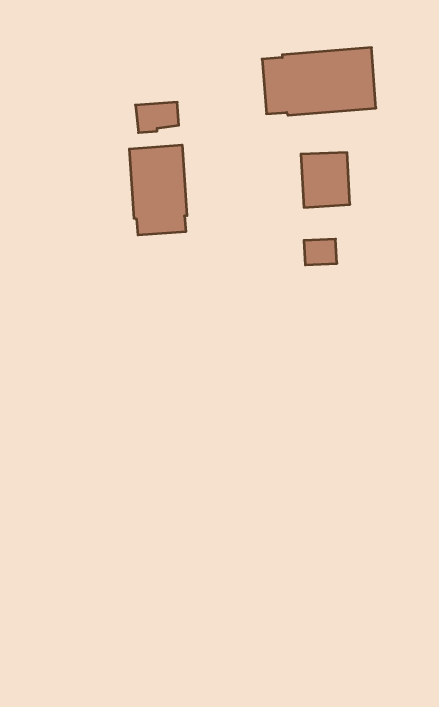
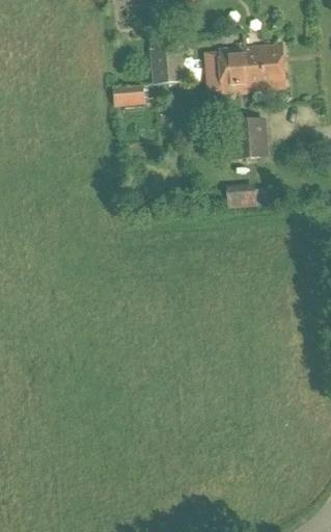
building: none -> [151,48,184,83]
building: [129,145,187,235] -> none

